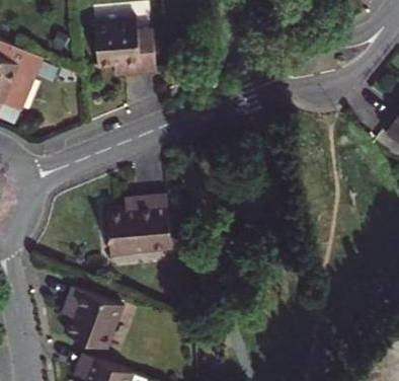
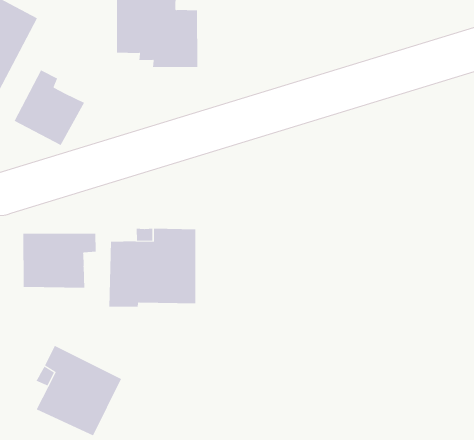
building: none -> [14,69,85,146]
building: none -> [23,233,96,288]

